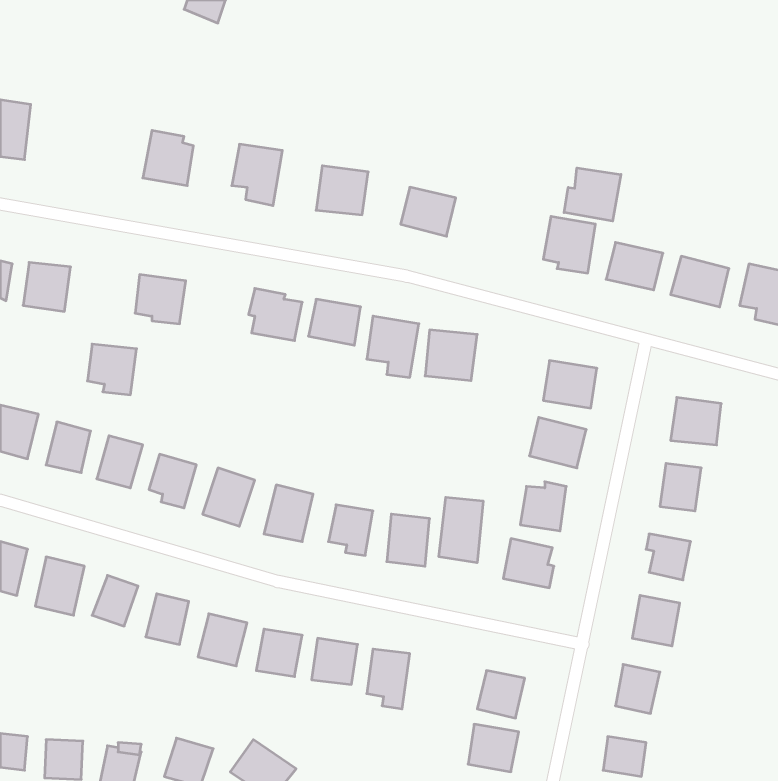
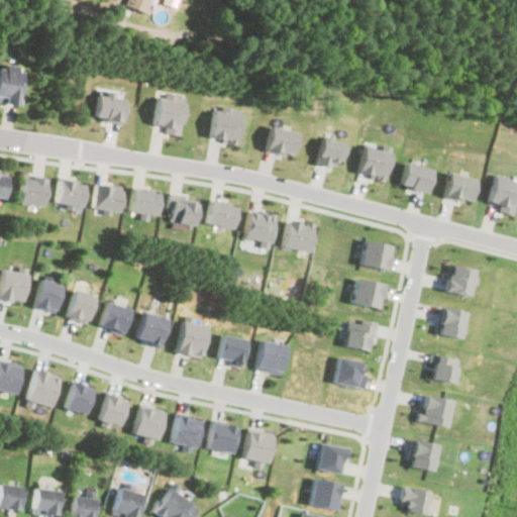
building: [564,168,621,221] -> none
building: none -> [318,137,351,169]
building: none -> [130,186,165,221]
building: [87,344,137,395] -> [57,179,89,212]
building: [439,497,483,563] -> none

